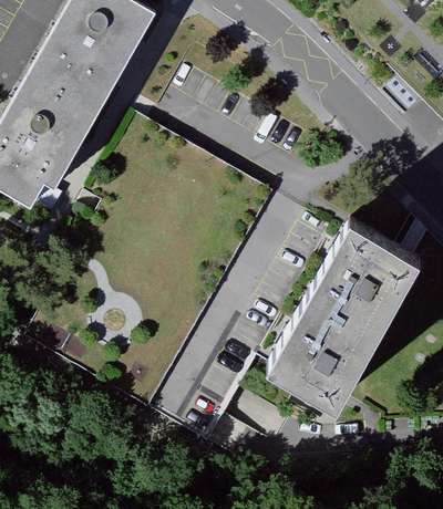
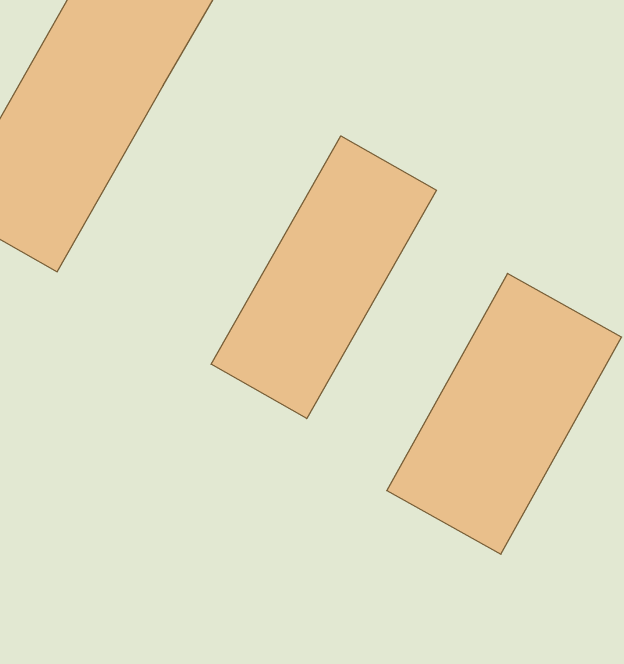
building: none -> [211,136,436,419]

